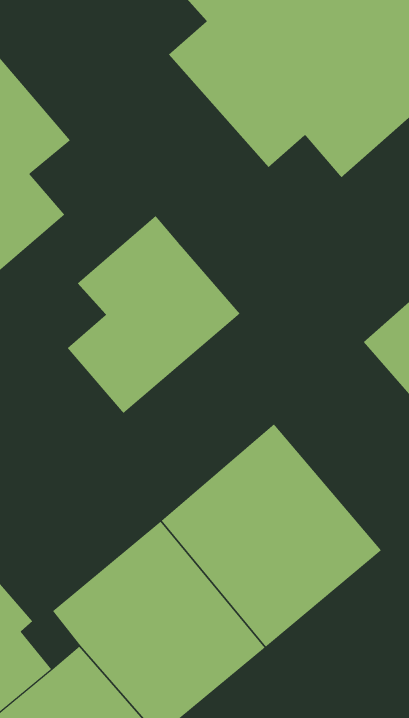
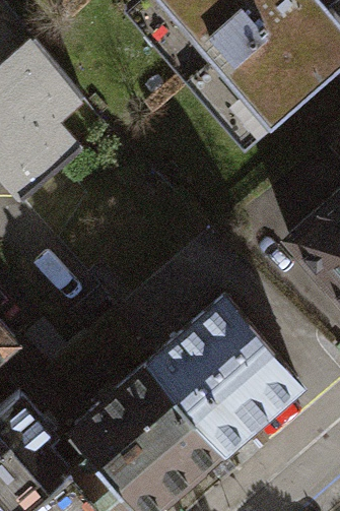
building: [67,215,241,414] -> none

